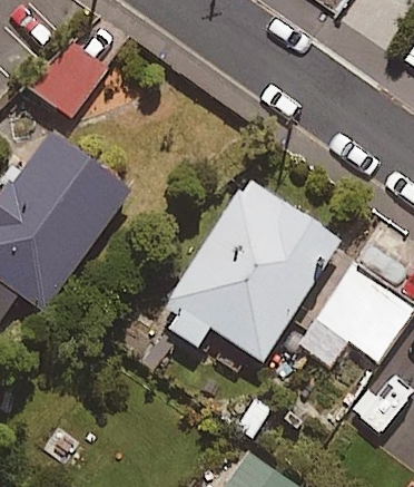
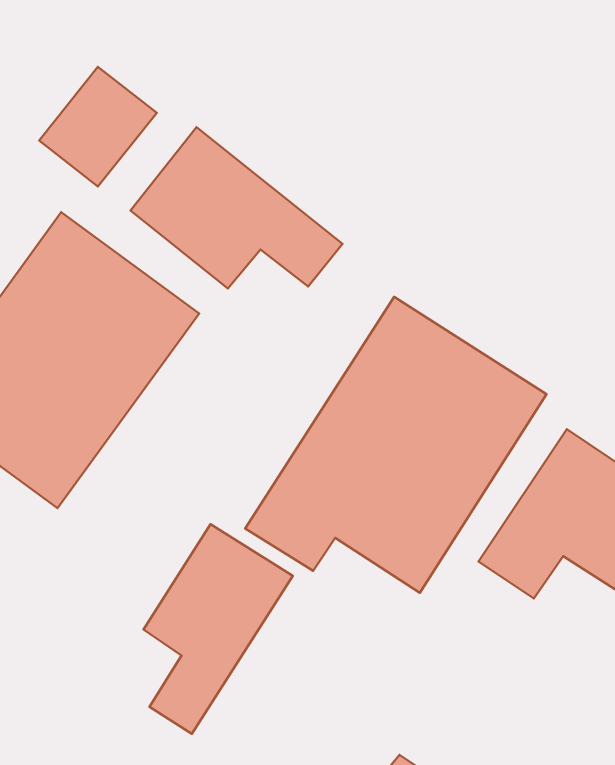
building: none -> [131,127,342,288]
building: none -> [143,524,293,734]

